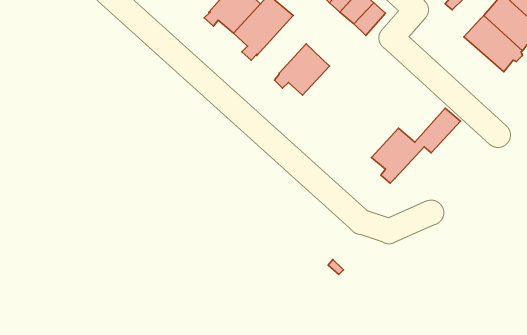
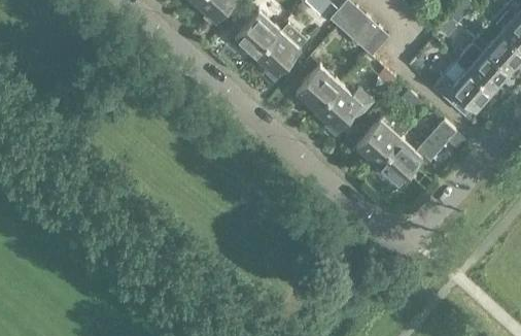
building: none -> [432,60,493,116]
building: none -> [316,86,375,135]
building: none -> [352,121,401,166]

